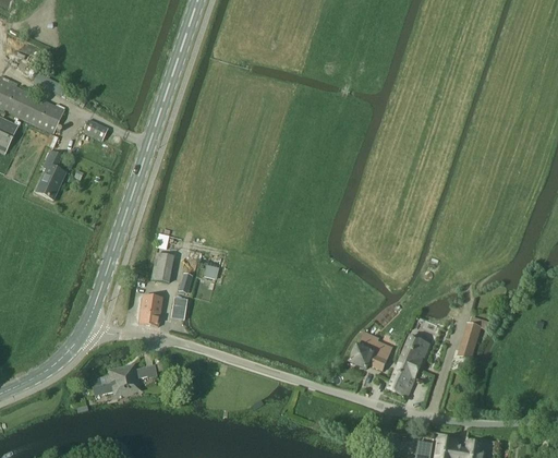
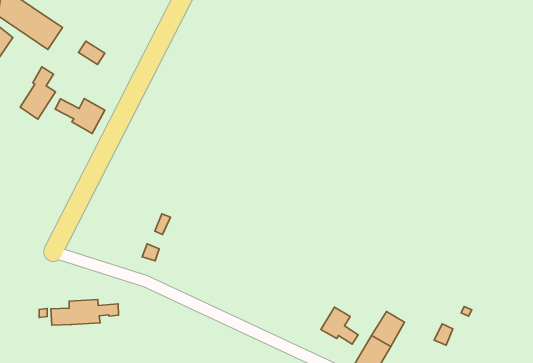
building: none -> [55,98,105,134]
building: [151,252,174,281] -> none
building: [140,294,162,325] -> none

